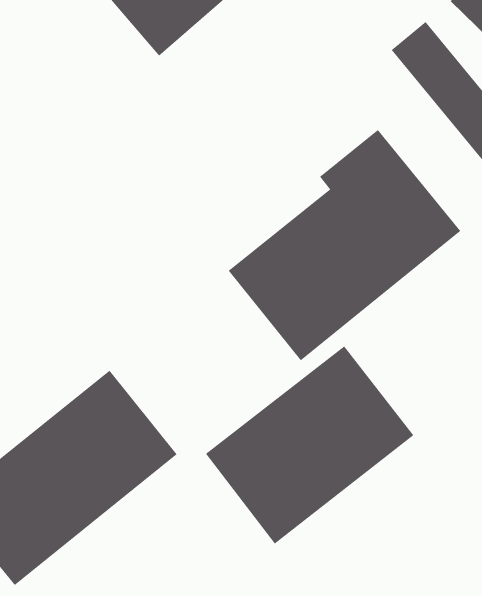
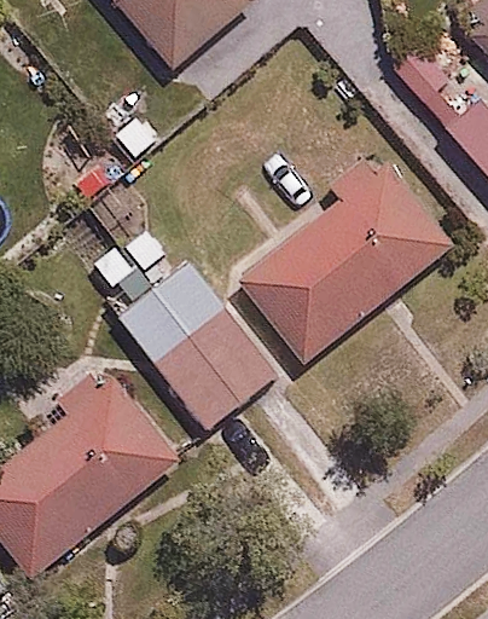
building: none -> [114,256,277,430]
building: [205,346,414,544] -> none

